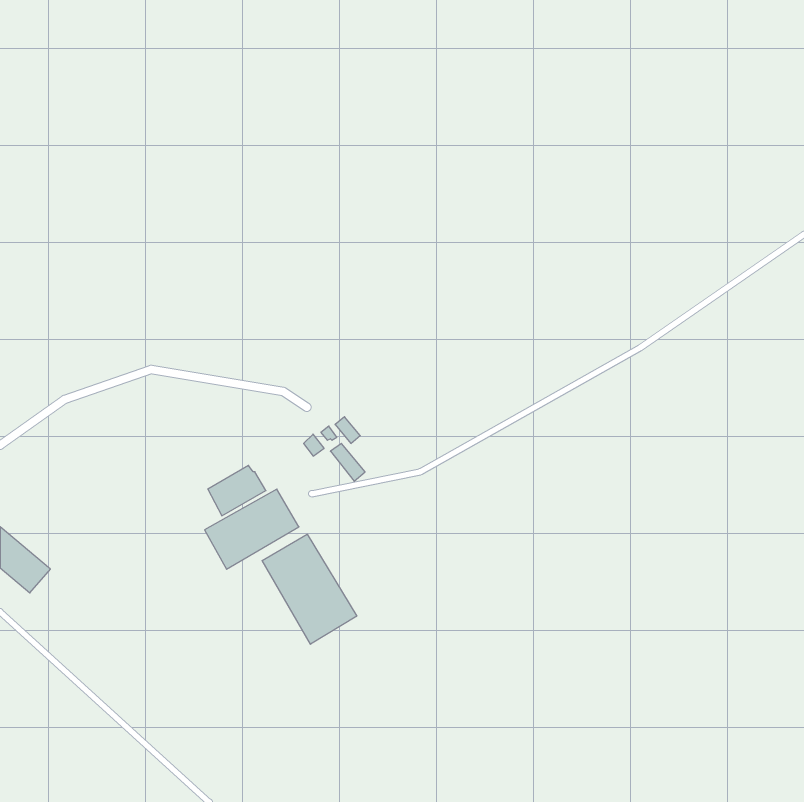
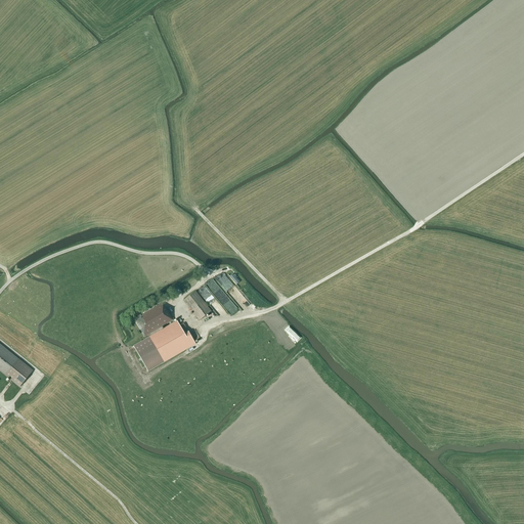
building: none -> [183,291,212,320]
building: [262,534,357,644] -> none

